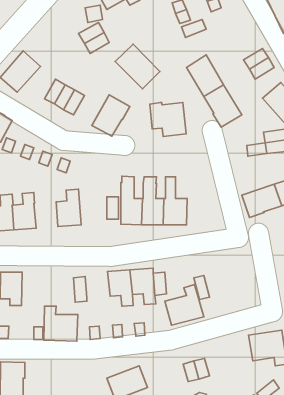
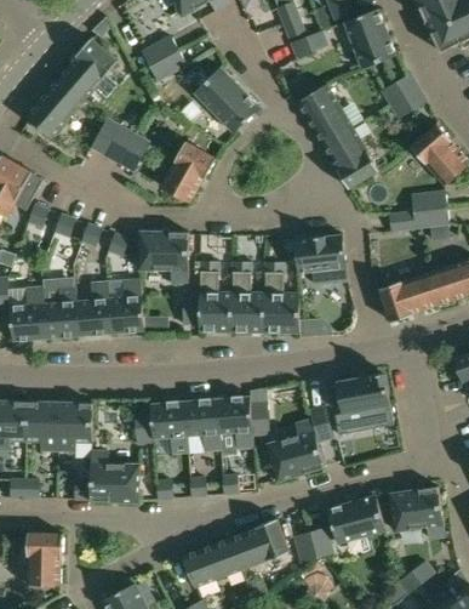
building: none -> [344,8,396,68]
building: none -> [59,38,118,99]
building: [150,102,186,136] -> [293,233,347,283]
building: none -> [139,230,188,281]
building: none -> [75,281,110,336]
building: none -> [334,372,393,434]
building: none -> [150,399,188,453]
building: none -> [57,400,92,450]
building: none -> [327,495,384,542]
building: none -> [229,518,288,569]

